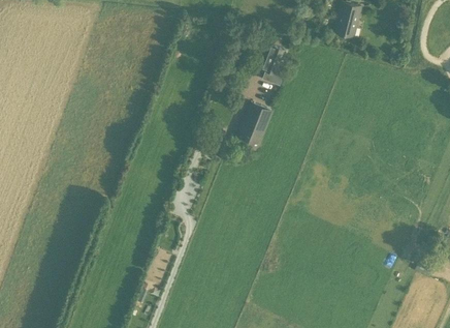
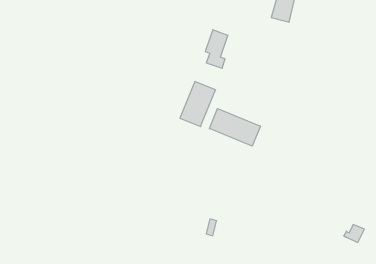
building: none -> [209,109,260,146]

